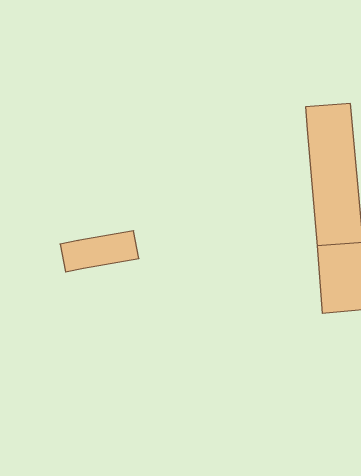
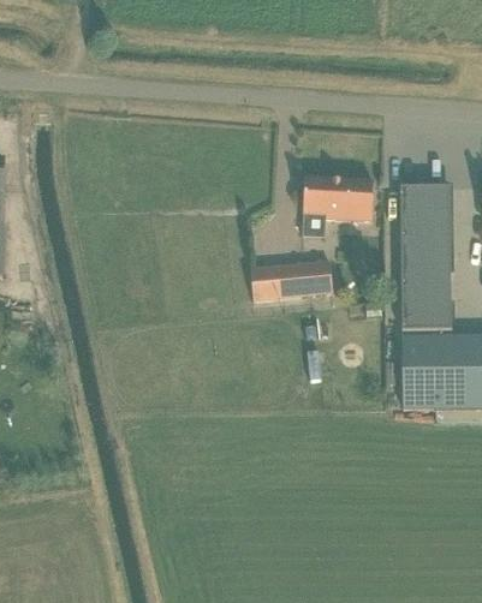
building: none -> [303,178,374,221]
building: [60,231,139,272] -> [250,262,333,300]

